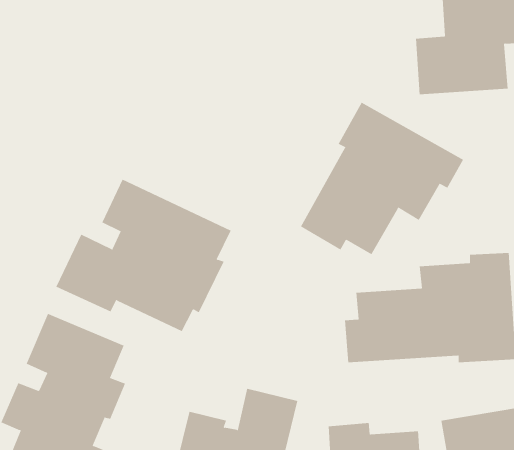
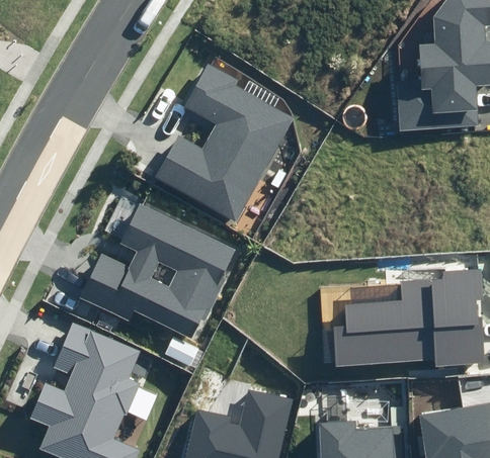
building: none -> [155,63,293,221]
building: [300,102,464,255] -> none

